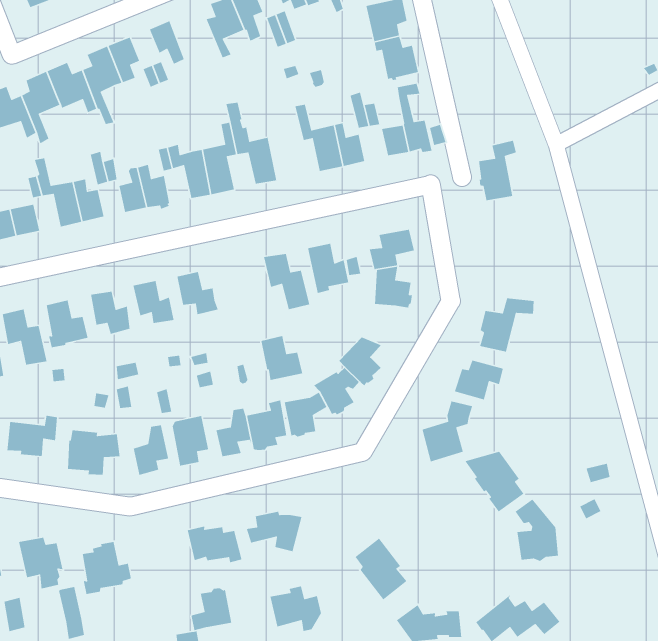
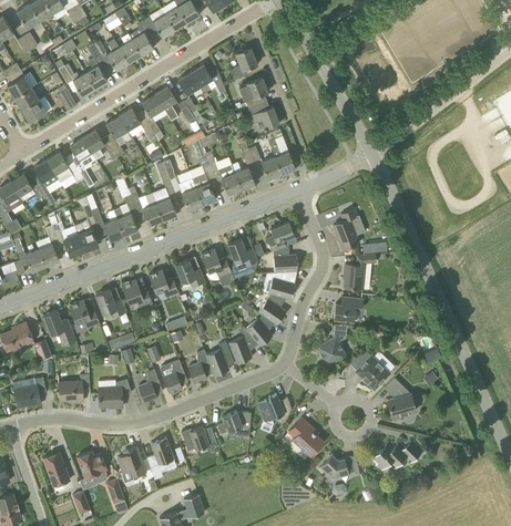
building: none -> [119,107,155,137]
building: none -> [192,156,215,205]
building: [478,140,517,201] -> [334,208,359,249]
building: none -> [268,271,296,299]
building: [261,335,303,381] -> [175,259,205,289]
building: [270,585,322,632] -> [257,393,292,422]
building: [191,588,232,631] -> [147,437,174,467]

